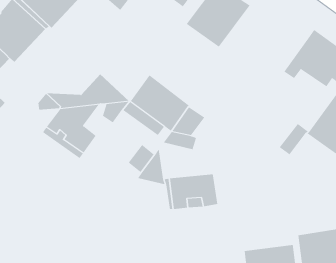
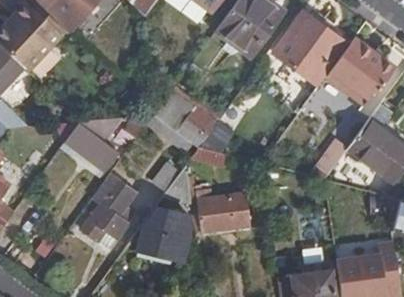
building: none -> [275,14,349,99]
building: none -> [81,173,136,249]
building: none -> [137,208,190,261]

